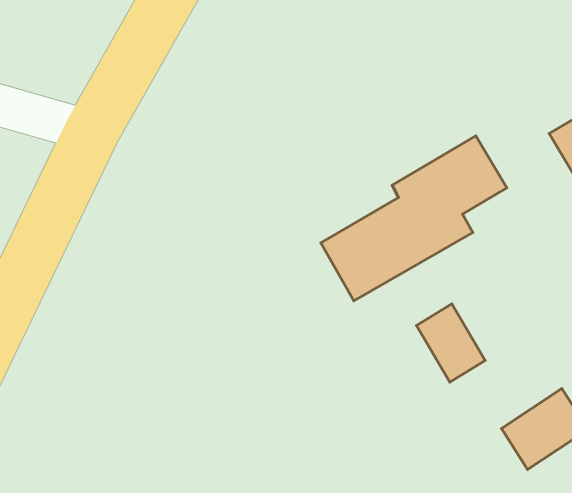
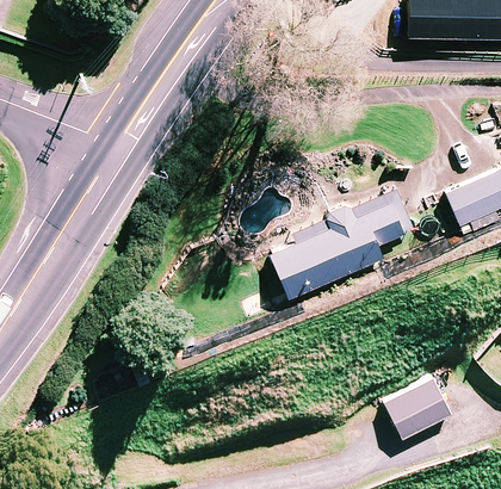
building: [416,304,485,382] -> none

